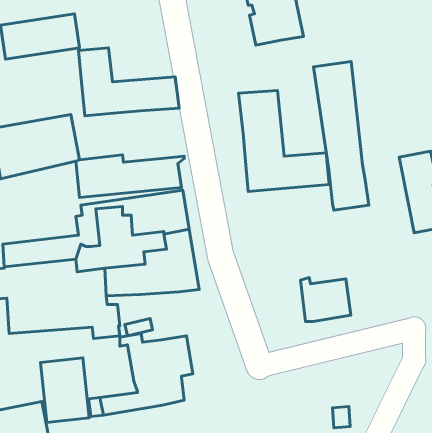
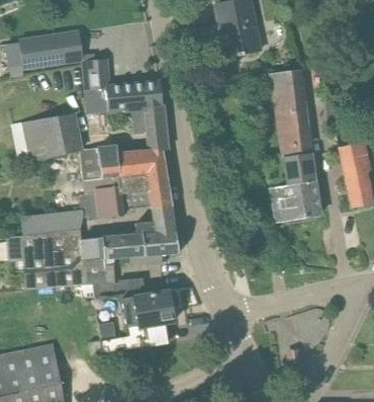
building: [238,90,329,191] -> none
building: none -> [131,107,166,134]
building: none -> [96,186,125,218]
building: [300,278,351,322] -> [279,184,319,220]
building: [41,358,89,422] -> none

